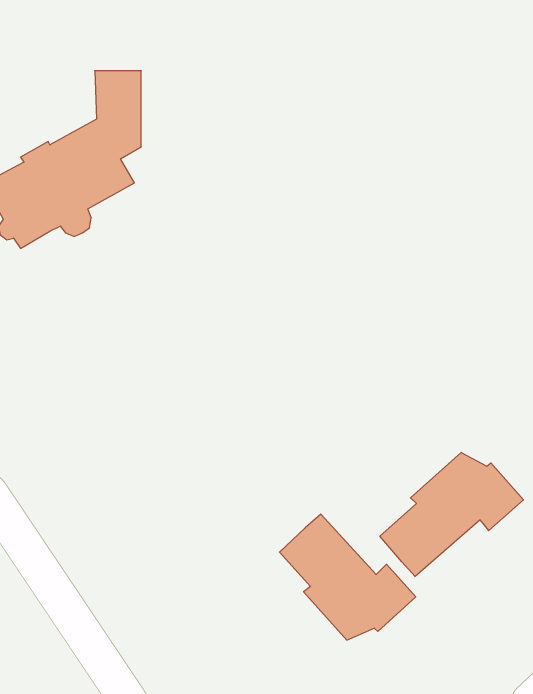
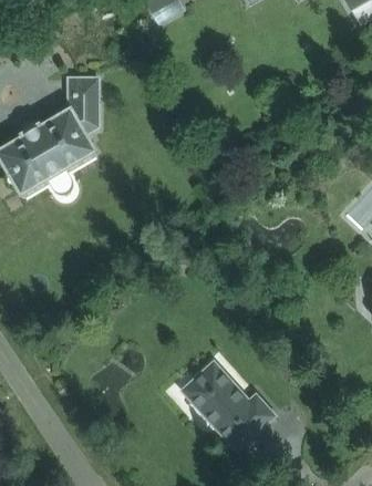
building: [380,452,523,577] -> none

